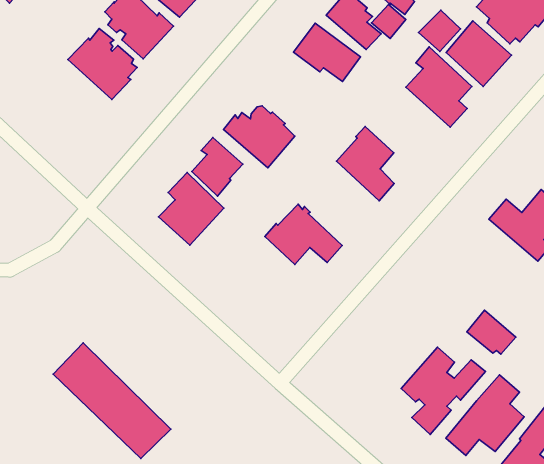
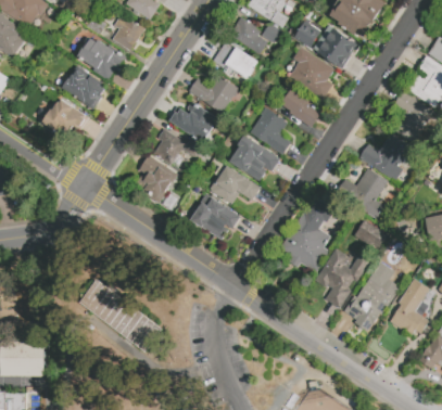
building: none -> [188,75,240,114]
building: none -> [42,98,89,142]
building: none -> [281,87,321,127]
building: none -> [230,133,280,181]
building: none -> [334,167,388,219]
building: none -> [191,197,241,240]
building: none -> [279,195,334,272]

